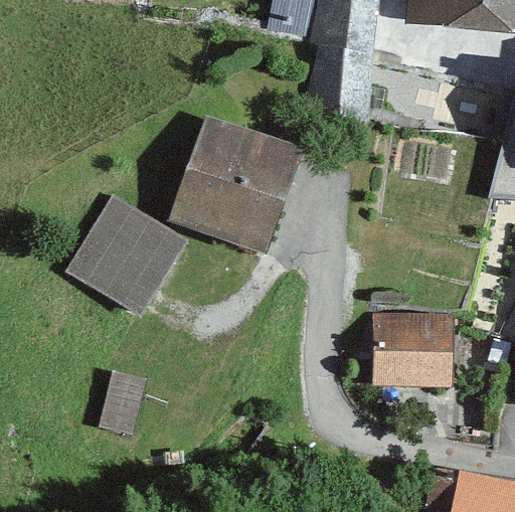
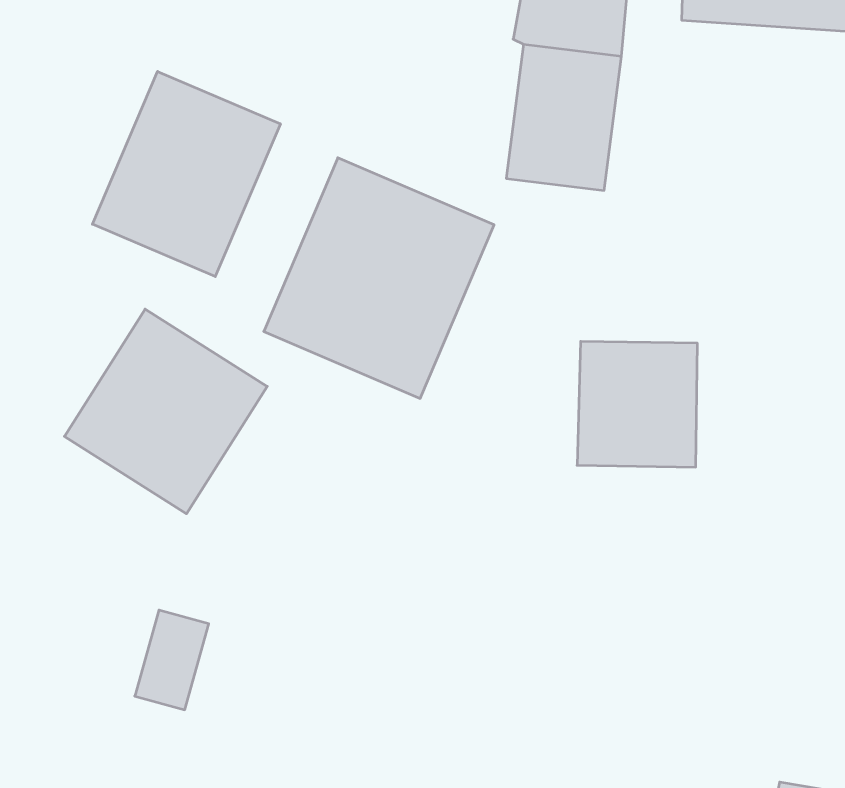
building: none -> [92,71,280,277]
building: [385,312,456,385] -> [577,341,697,467]

